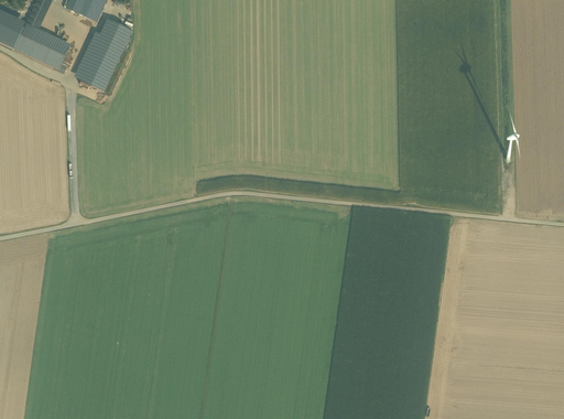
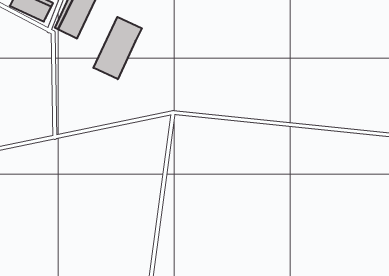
building: none -> [93,17,142,79]

